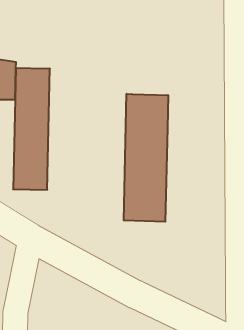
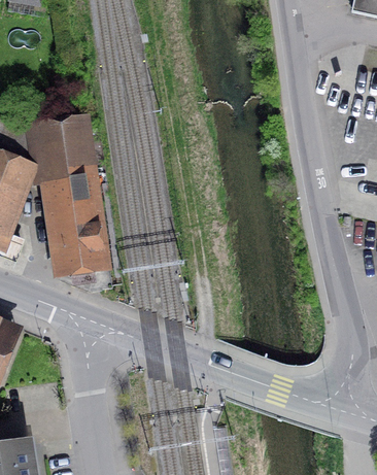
building: [124,94,168,222] -> none

